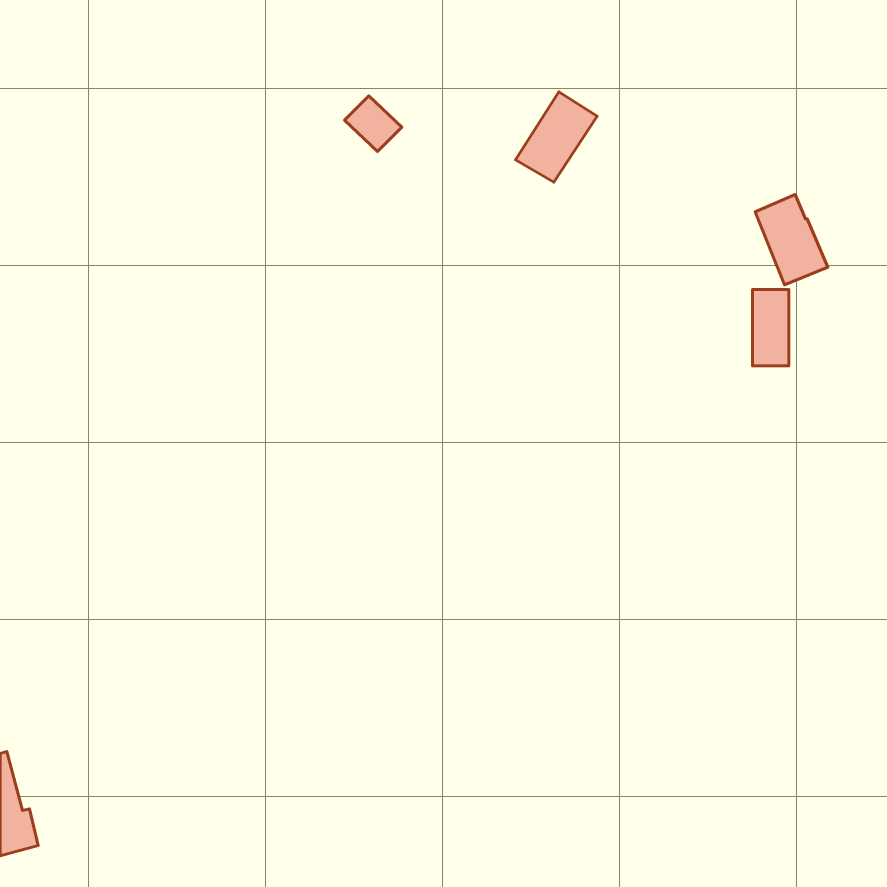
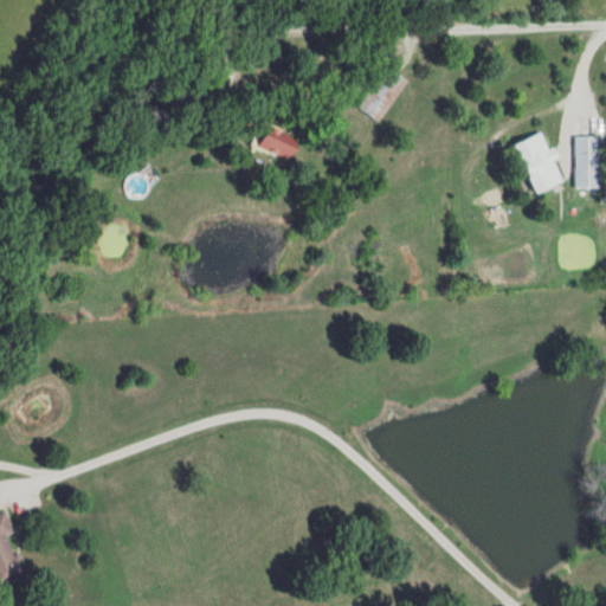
building: [345,96,402,151] -> [258,127,297,165]
building: [752,289,789,366] -> [574,136,599,188]

